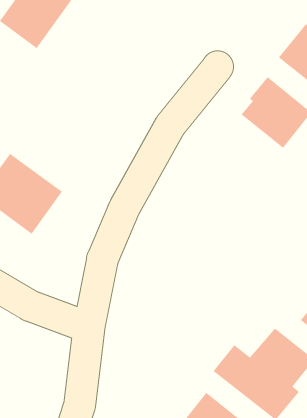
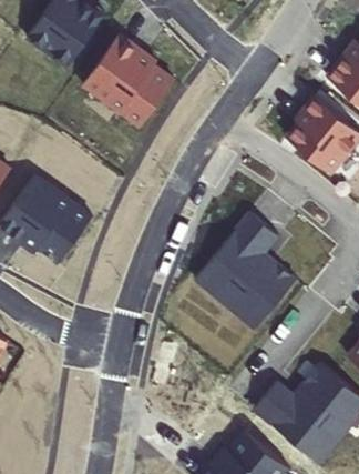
building: none -> [79,32,171,125]
building: none -> [193,211,293,320]

